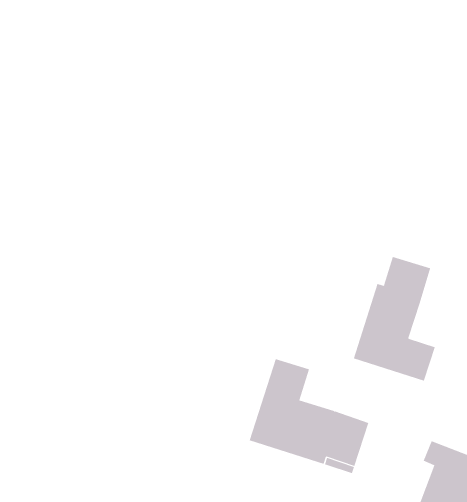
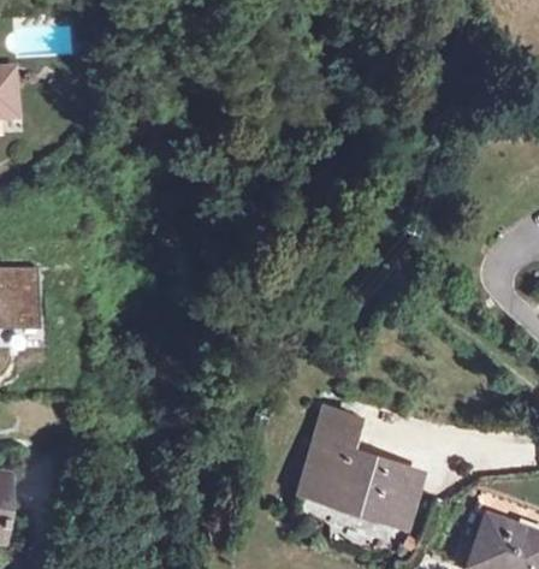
building: [353,256,436,382] -> none

